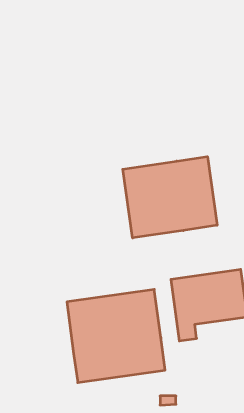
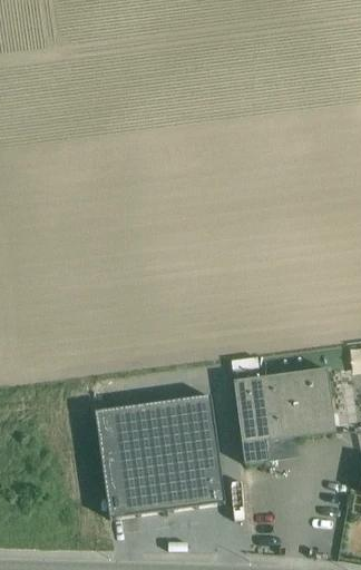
building: [123,157,217,238] -> none

